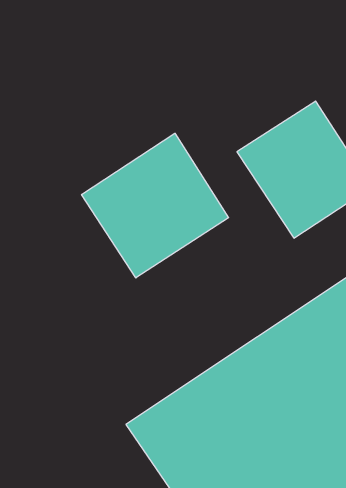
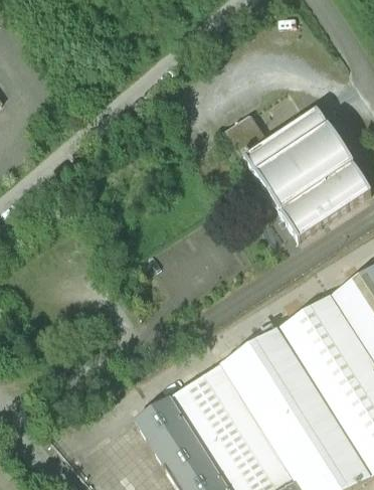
building: [82,133,229,278] -> none

